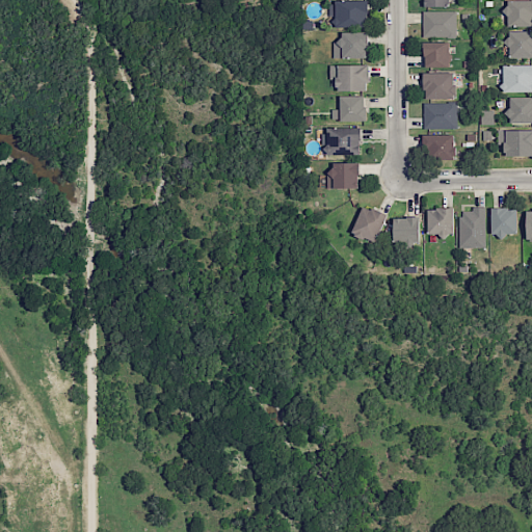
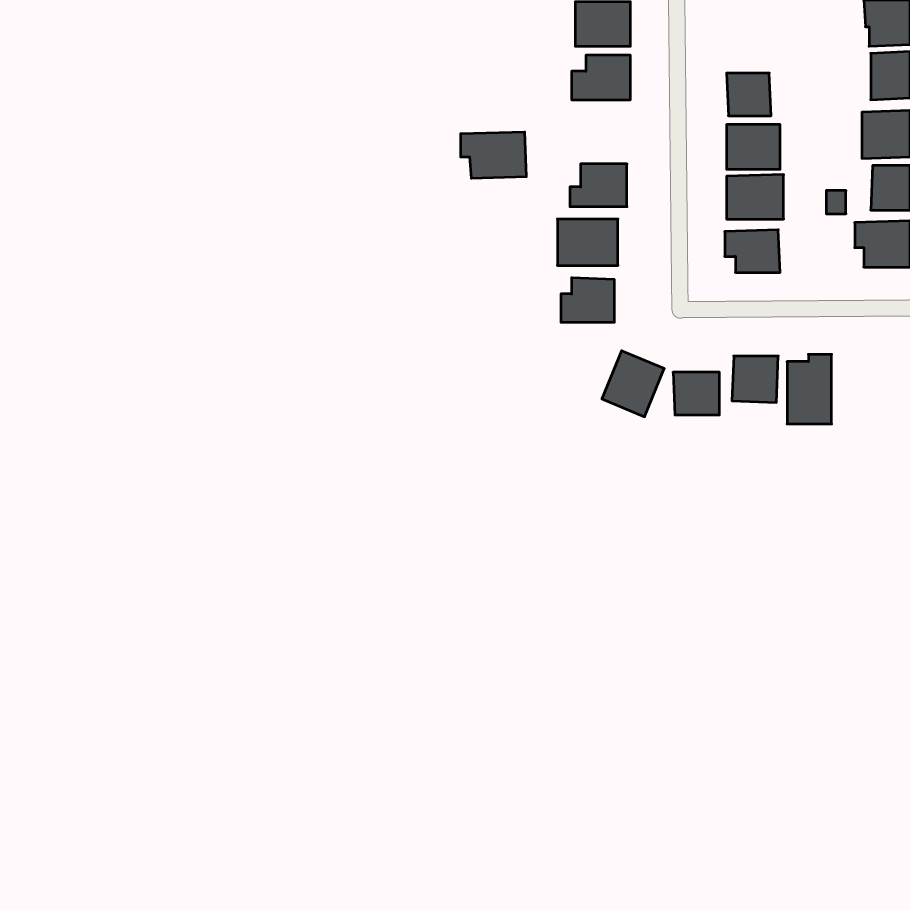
building: [423,11,456,36] -> none
building: [330,64,369,91] -> [461,132,526,178]
building: [491,208,517,234] -> none

